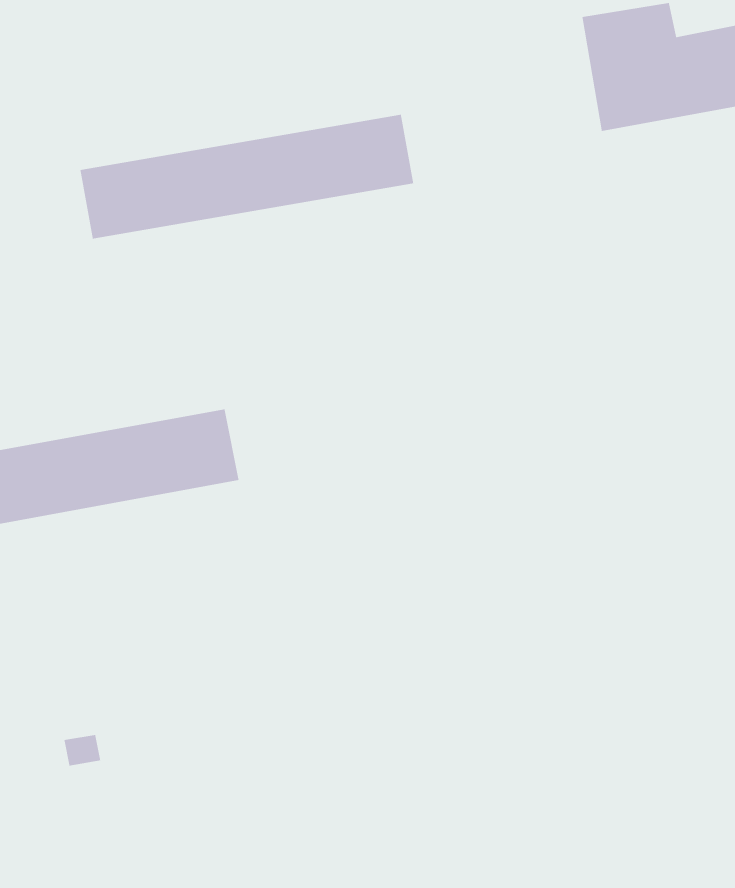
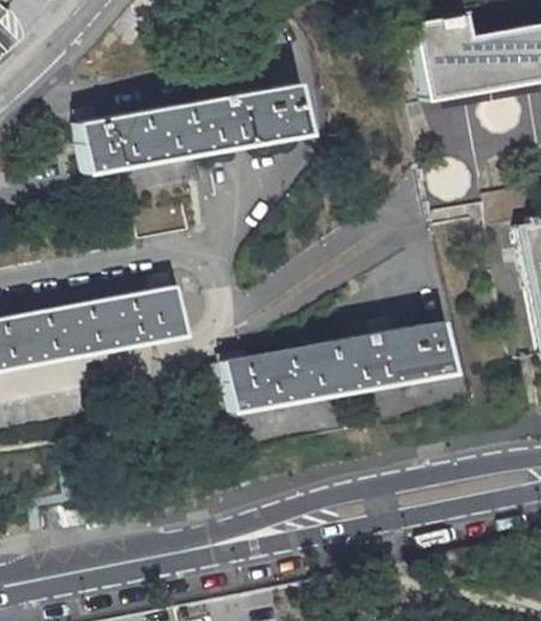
building: none -> [224,324,451,411]

